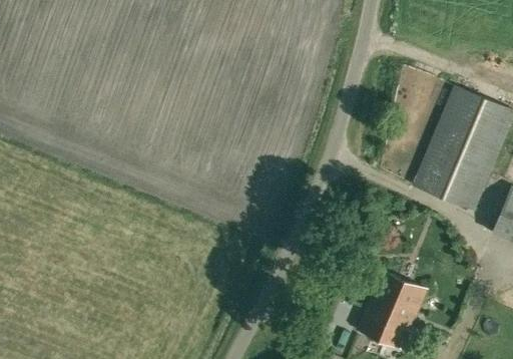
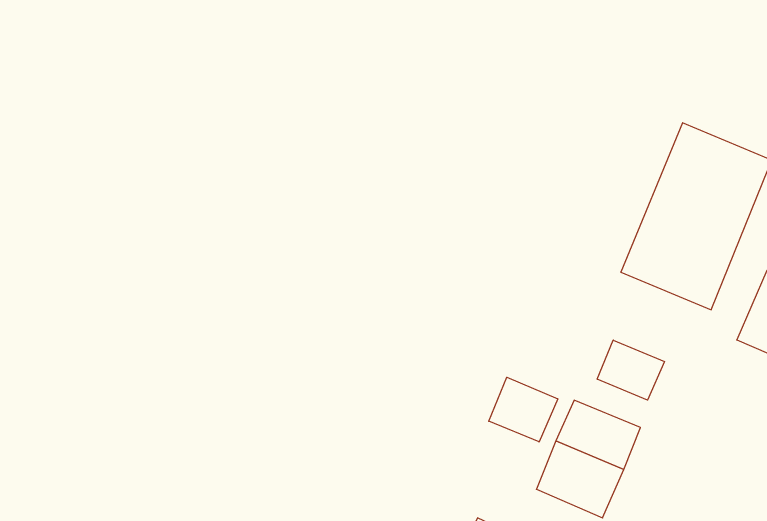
building: none -> [597,340,664,400]
building: none -> [489,377,558,442]

